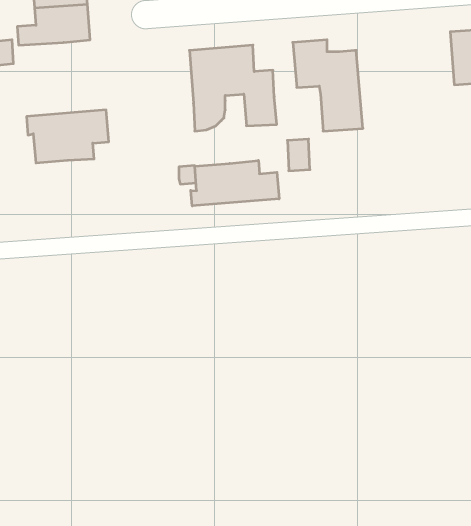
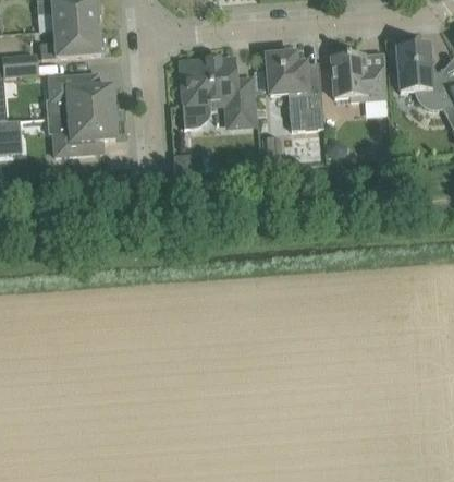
building: none -> [331,52,388,98]
building: none -> [47,72,113,116]
building: [191,160,279,206] -> none

